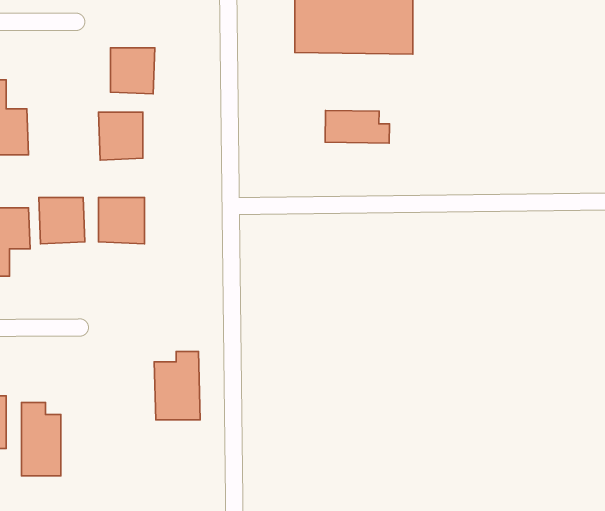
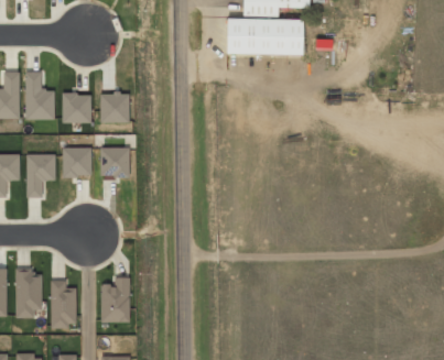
building: [111,48,155,94] -> [63,94,91,123]
building: [325,111,389,143] -> none
building: [154,352,200,420] -> [100,277,130,321]

